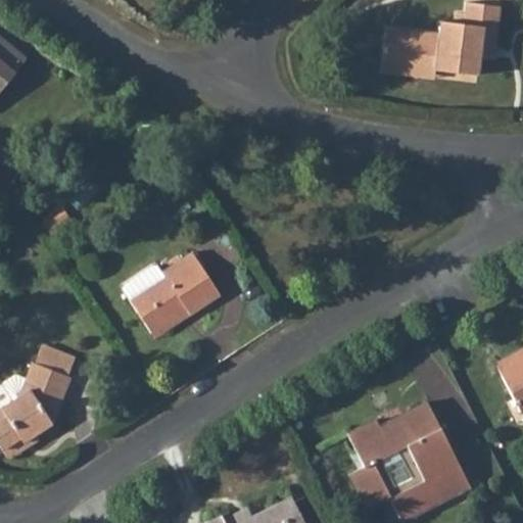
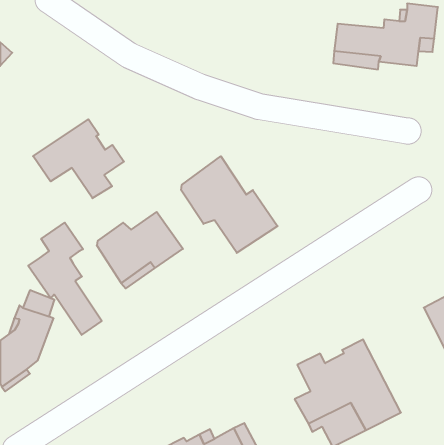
building: none -> [33,119,124,198]
building: none -> [181,156,278,253]
building: none -> [28,223,102,335]

